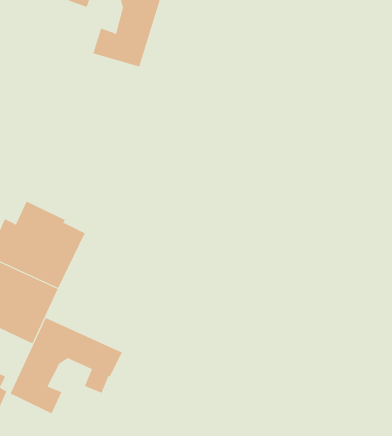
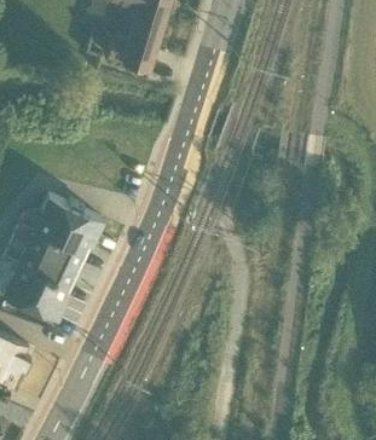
building: [10,317,122,414] -> none

